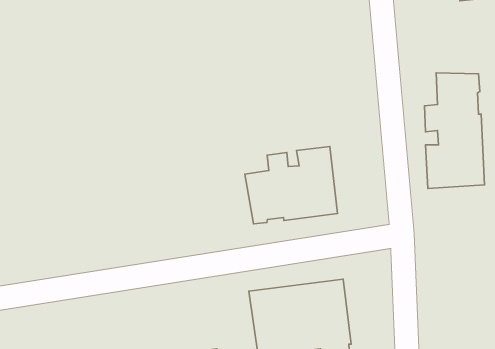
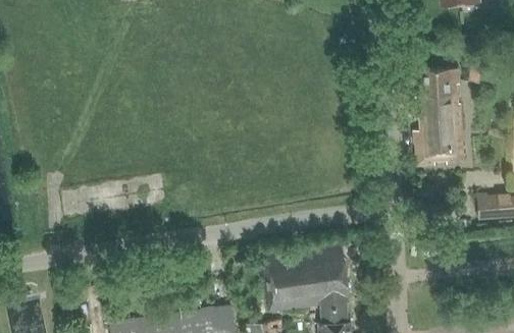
building: [245,147,338,224] -> none

